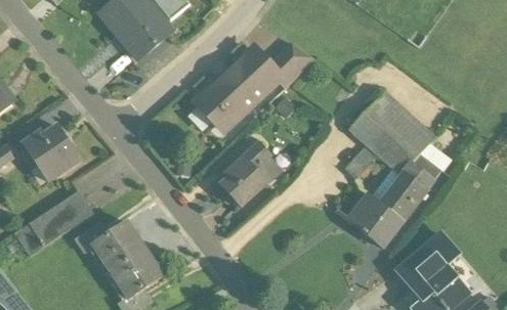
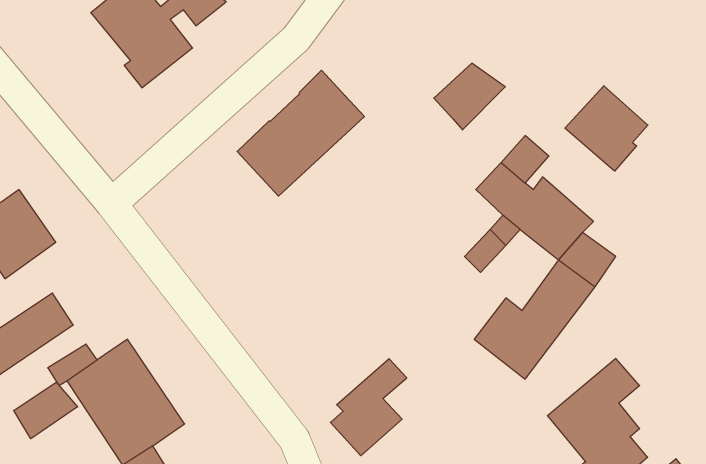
building: [267,42,313,85] -> [434,63,505,130]
building: none -> [565,86,648,171]
building: [220,143,269,206] -> [330,359,407,456]
building: none -> [14,382,78,439]

